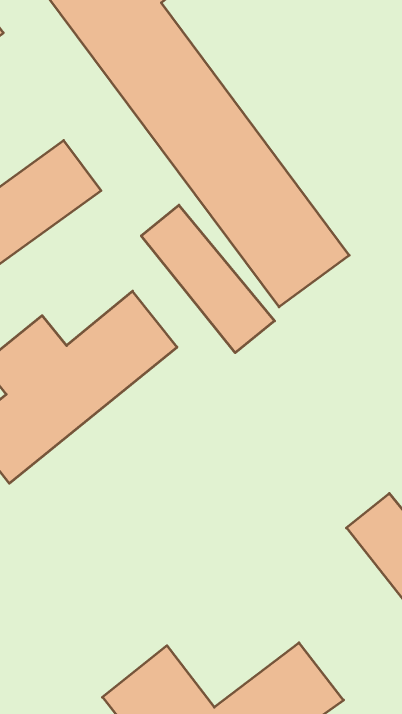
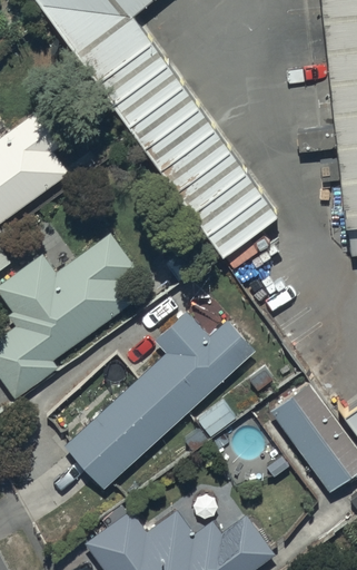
building: [141,205,275,353] -> none
building: none -> [62,309,261,490]

